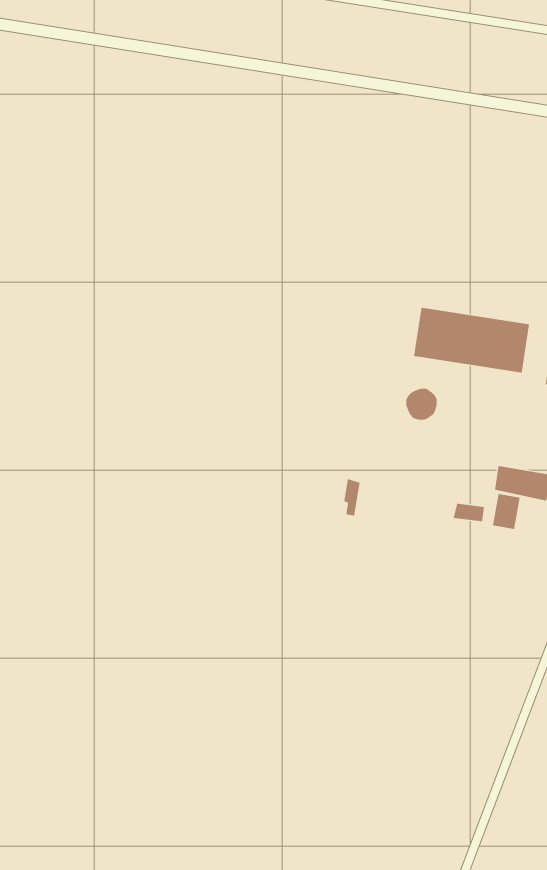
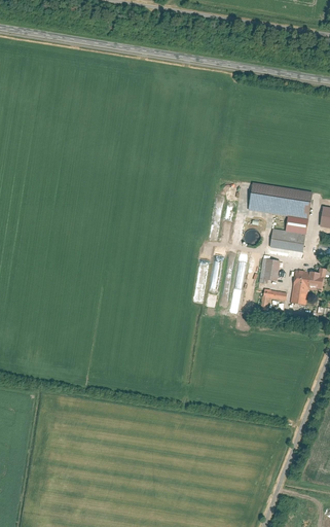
building: none -> [268,227,305,253]
building: none -> [259,257,280,283]

